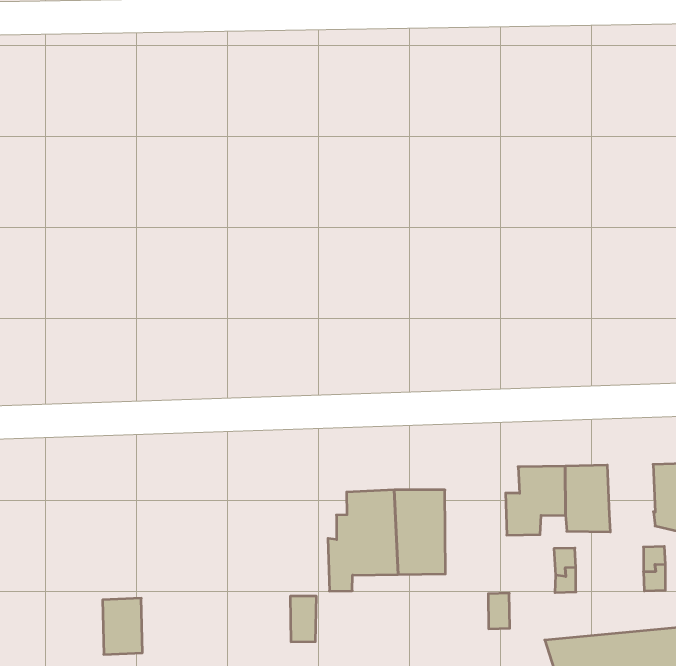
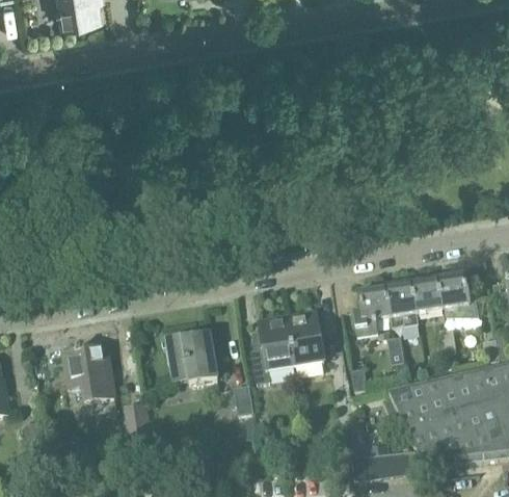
building: none -> [411,279,444,312]
building: none -> [166,331,218,382]
building: none -> [63,345,115,400]

